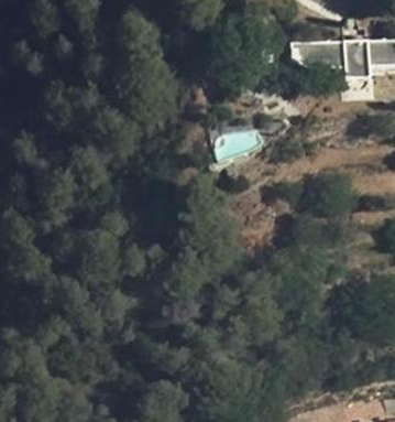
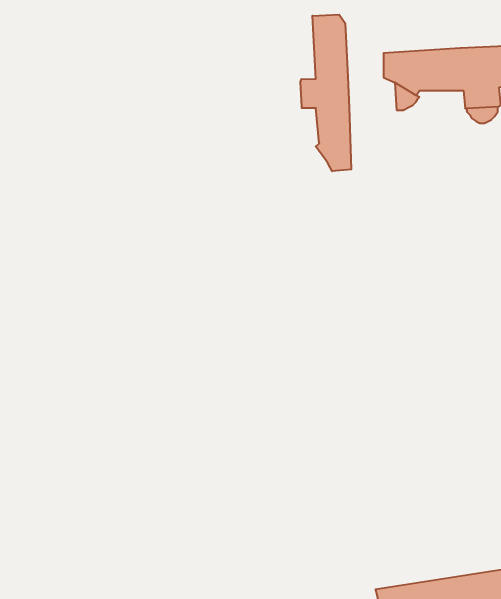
building: none -> [301,15,351,171]

